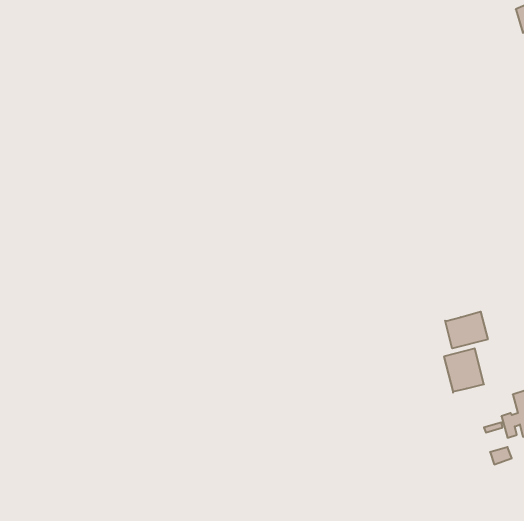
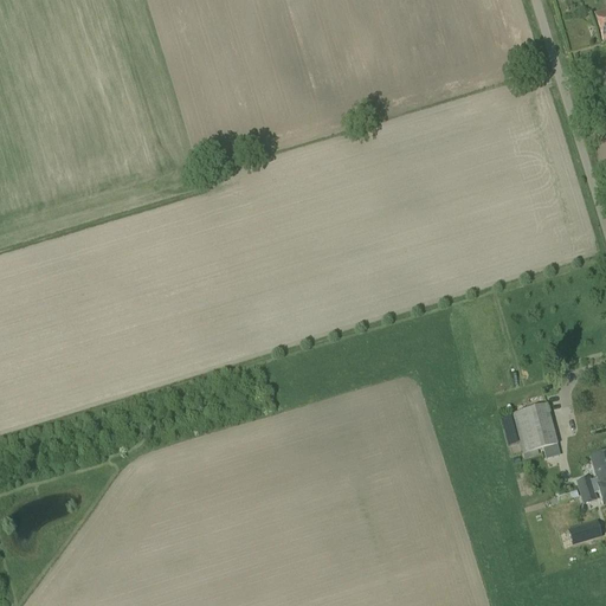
building: [445,312,488,348] -> none

